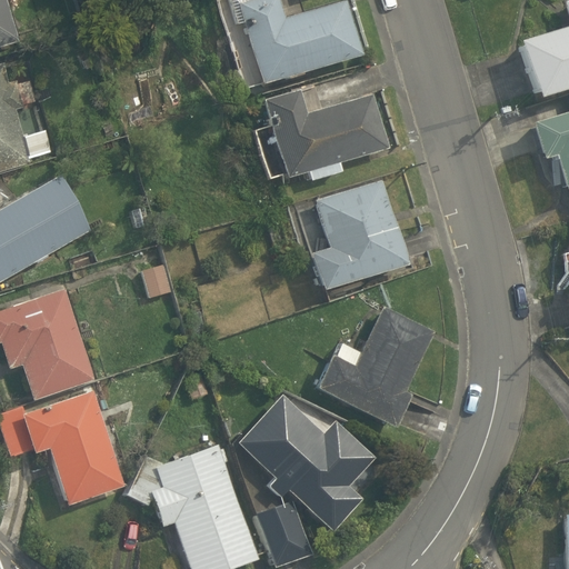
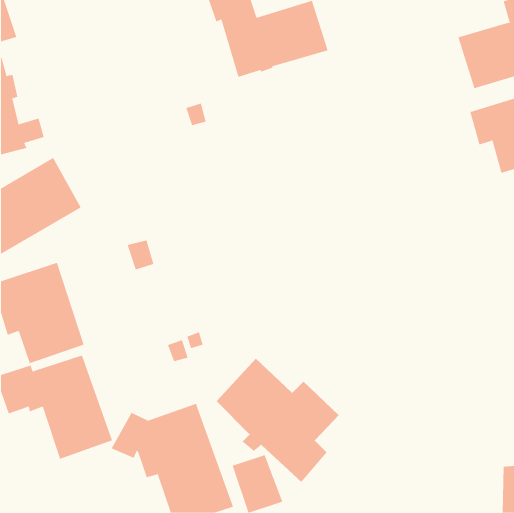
building: [264,67,389,180] -> none
building: [310,181,409,291] -> none
building: [316,307,435,429] -> none

